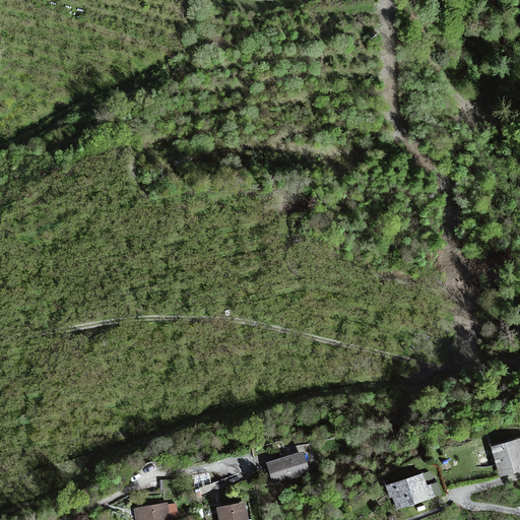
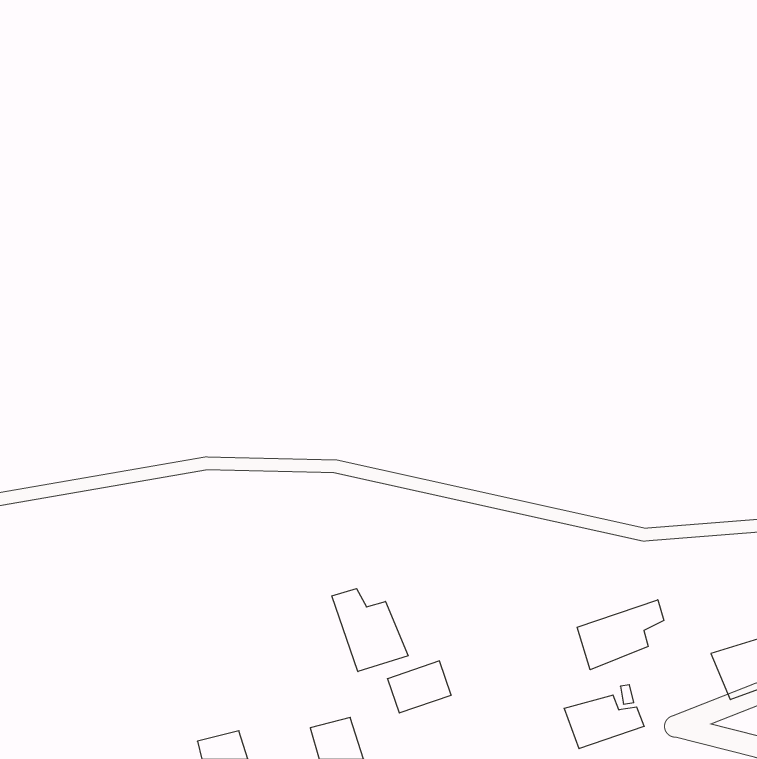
building: none -> [332,589,408,672]
building: none -> [577,600,664,670]

